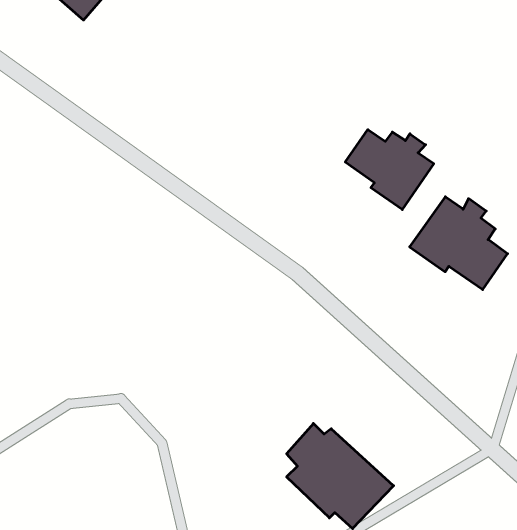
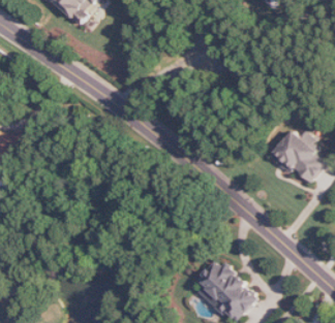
building: [345,130,434,210] -> none

